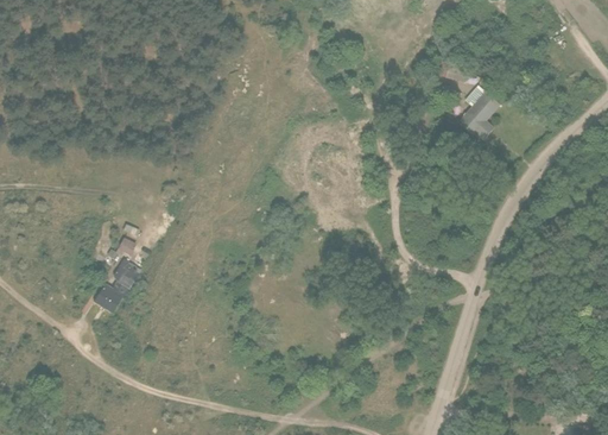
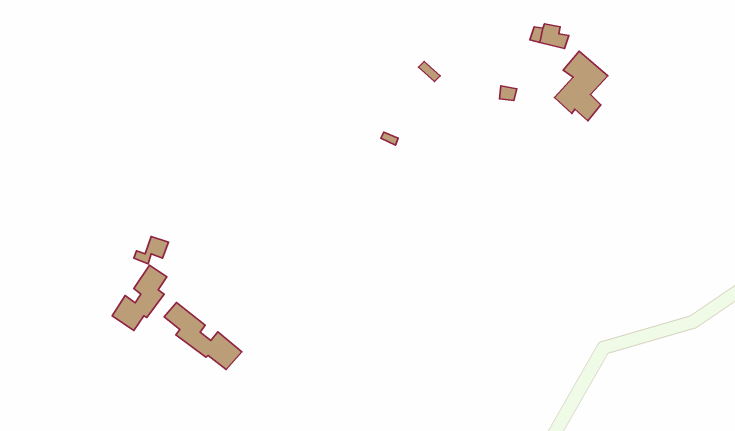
building: none -> [164,303,242,369]

